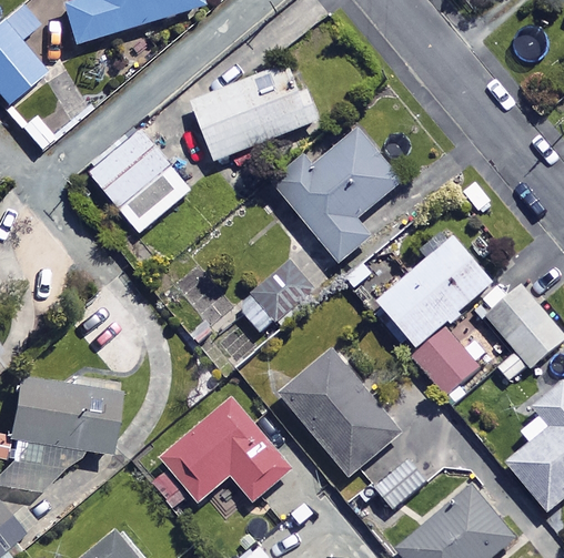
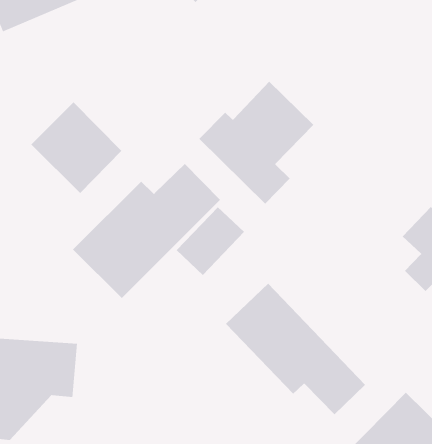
building: [191,59,319,160] -> none
building: none -> [72,163,221,299]
building: [376,236,492,394] -> none
building: [145,400,291,504] -> none

